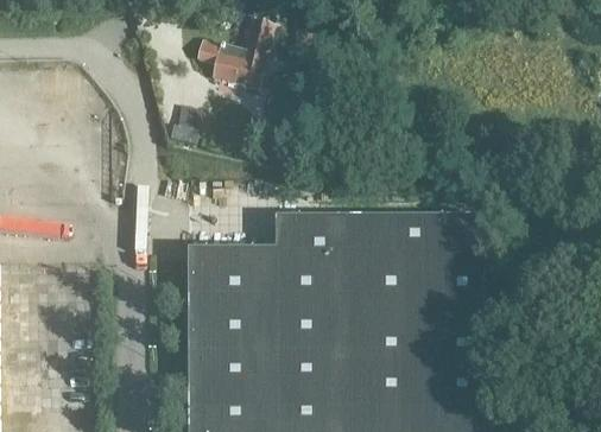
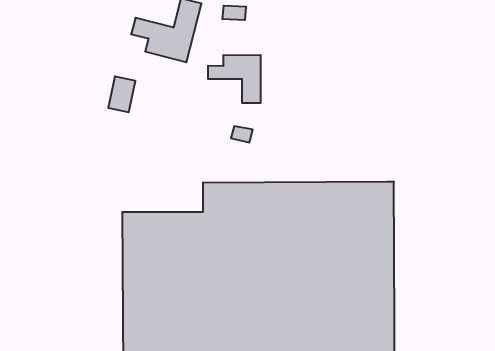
building: none -> [208,55,261,103]

